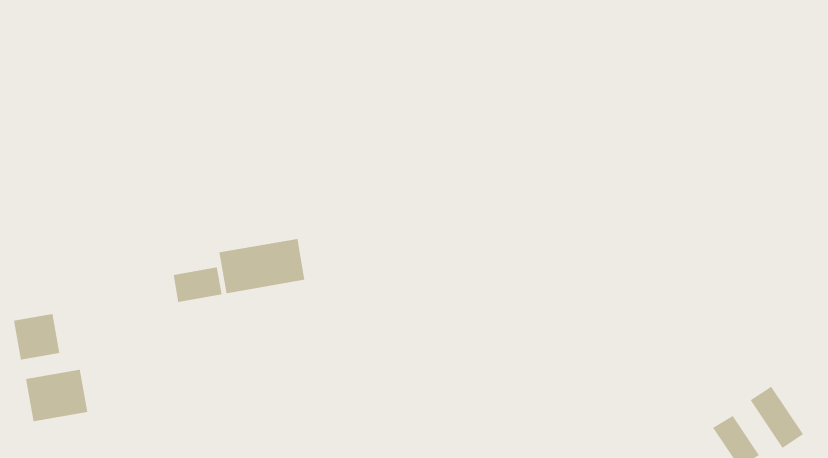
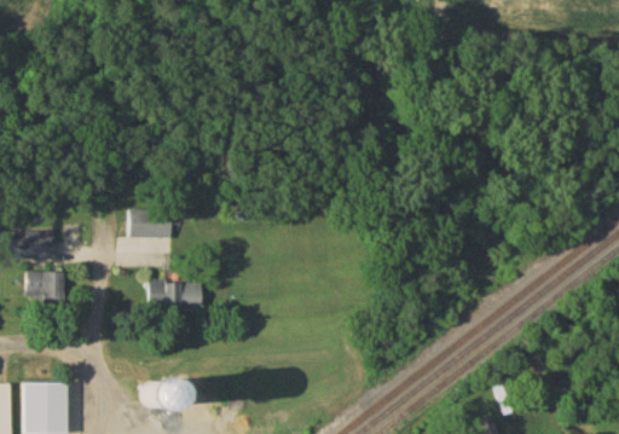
building: [219,238,305,294] -> [146,280,202,309]
building: [750,386,804,449] -> none

